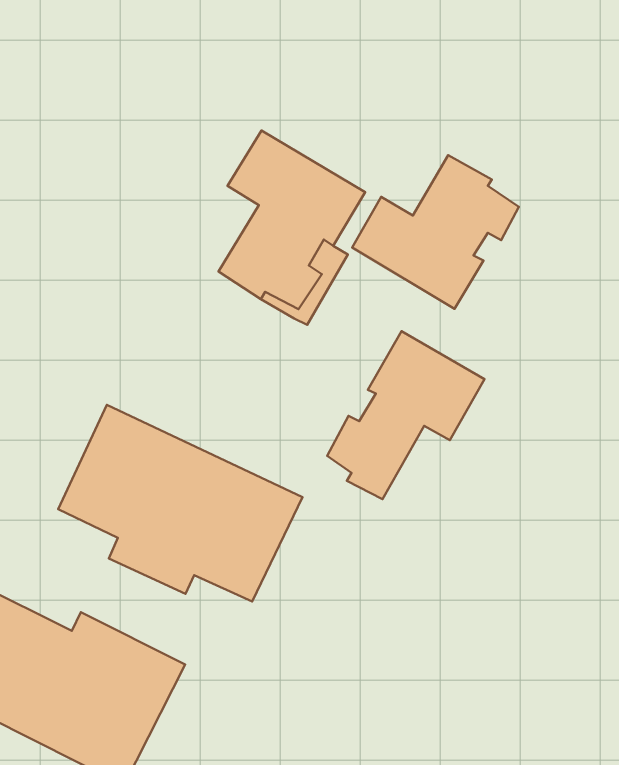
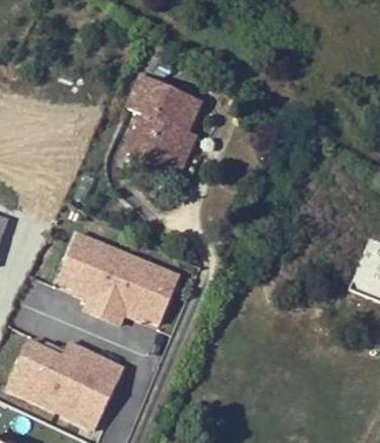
building: [352,155,519,309] -> none
building: [327,331,484,499] -> none

